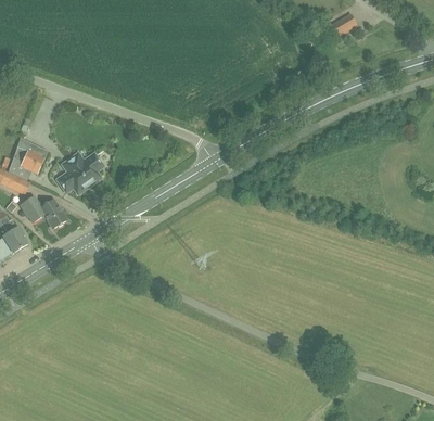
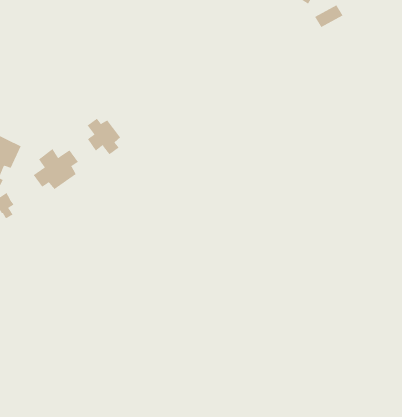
building: none -> [87,118,121,155]
building: [35,200,65,228] -> none

